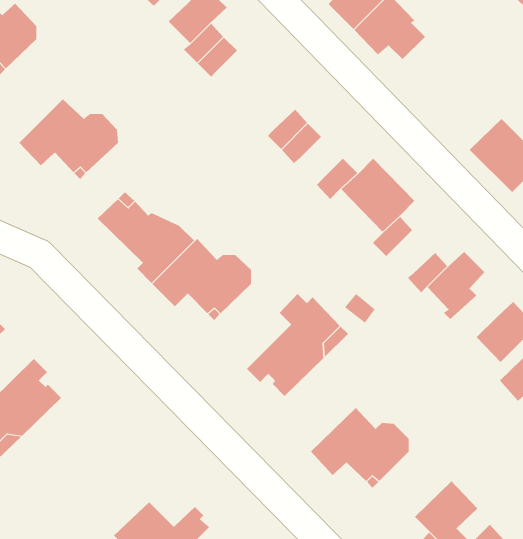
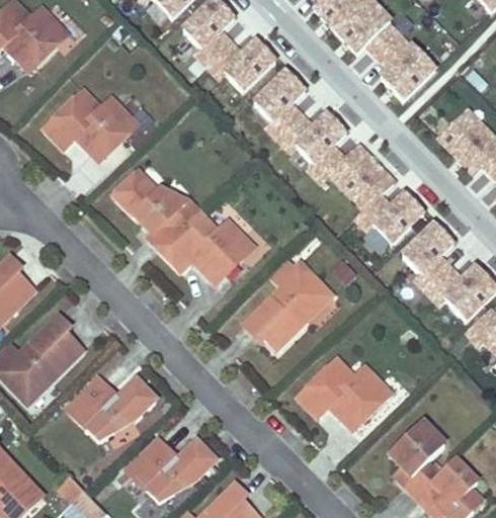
building: none -> [219,35,269,86]
building: none -> [380,36,436,100]
building: none -> [249,67,300,117]
building: none -> [292,109,342,160]
building: none -> [370,191,421,242]
building: none -> [421,261,462,301]
building: none -> [69,378,152,439]

